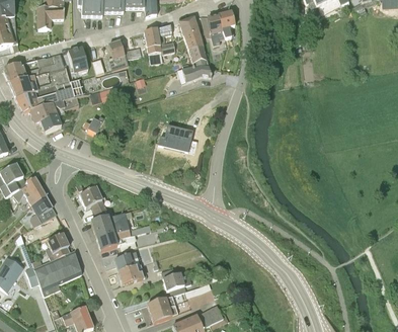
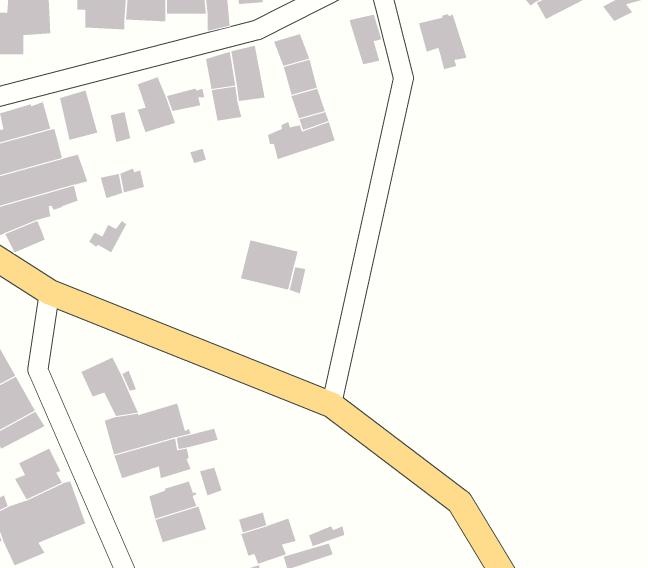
building: [201,12,226,42] -> [418,14,467,70]

